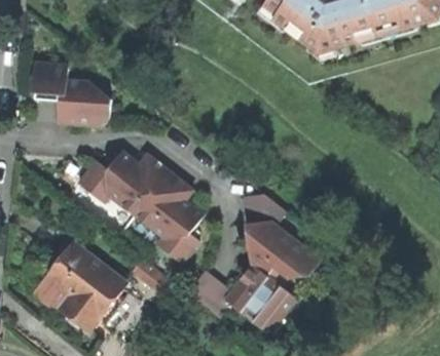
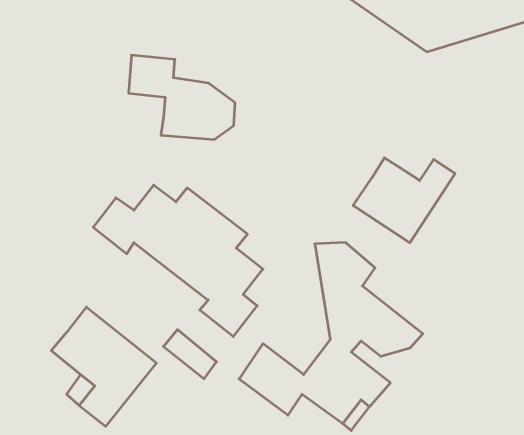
building: [32,63,110,124] -> [129,55,235,139]
building: none -> [353,158,455,243]

